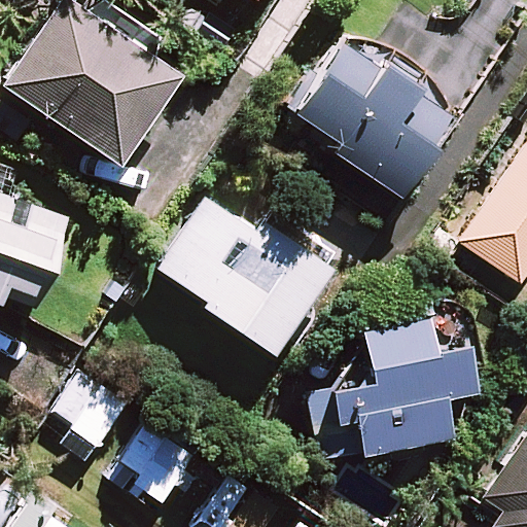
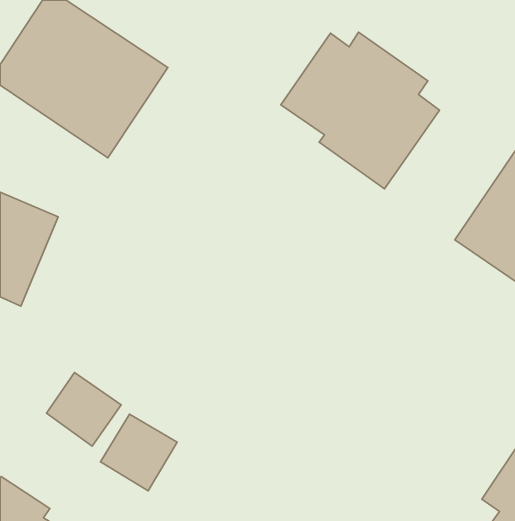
building: [165,202,332,354] -> none
building: [318,311,478,460] -> none

